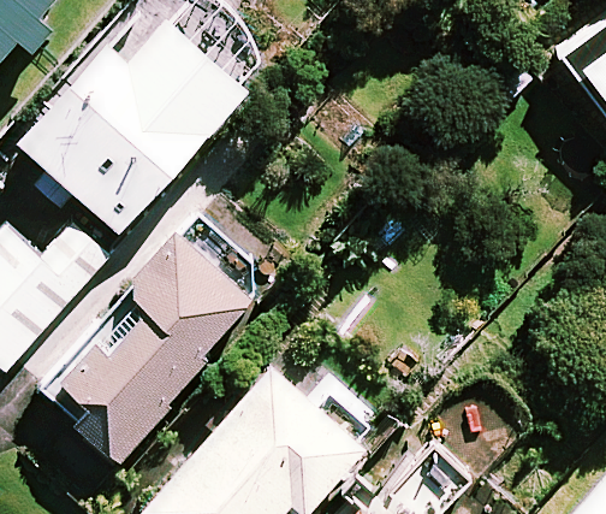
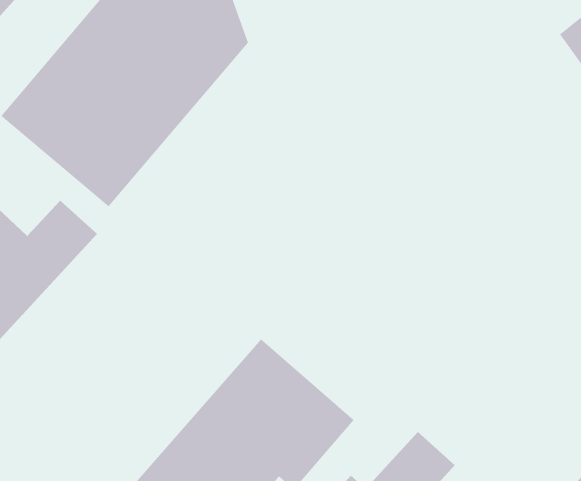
building: [57,234,251,463] -> none

